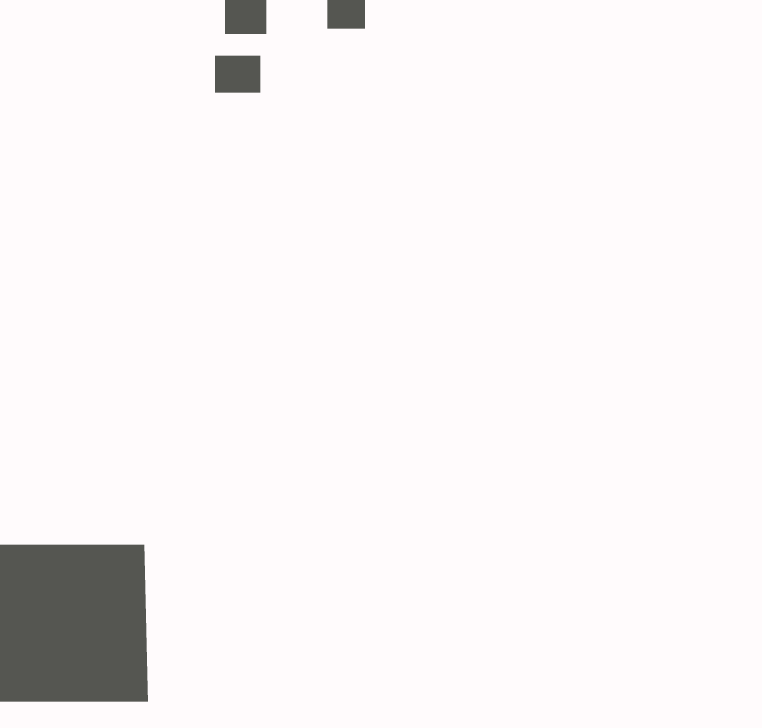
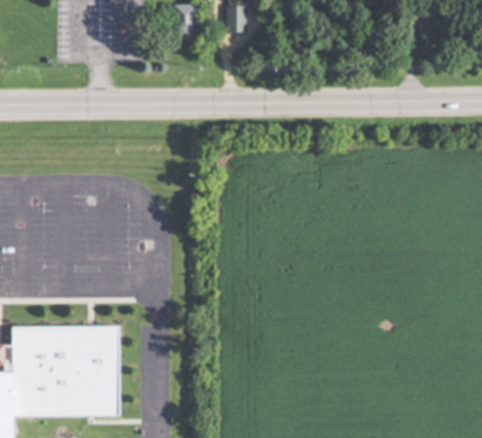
building: [215,55,261,94] -> none

